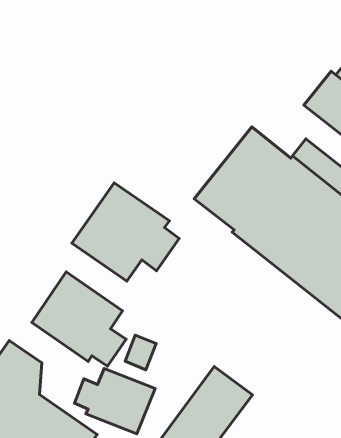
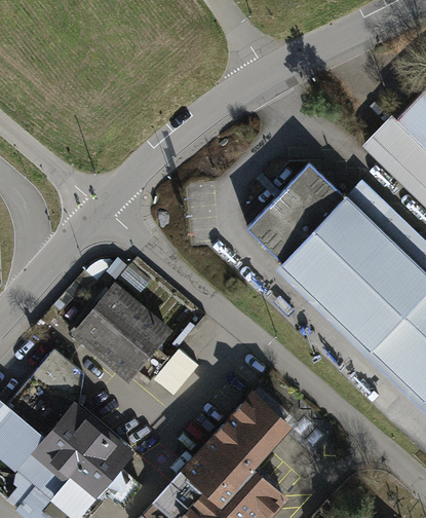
building: [72,183,179,281] -> none
building: [74,369,155,434] -> none

